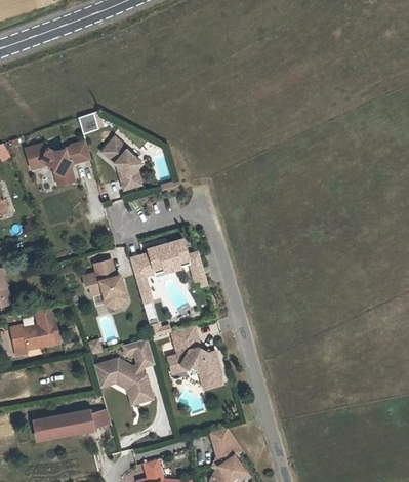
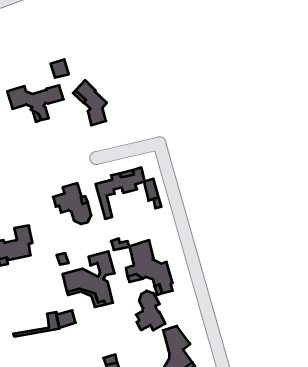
building: none -> [136,291,165,330]
building: [32,413,76,437] -> none

